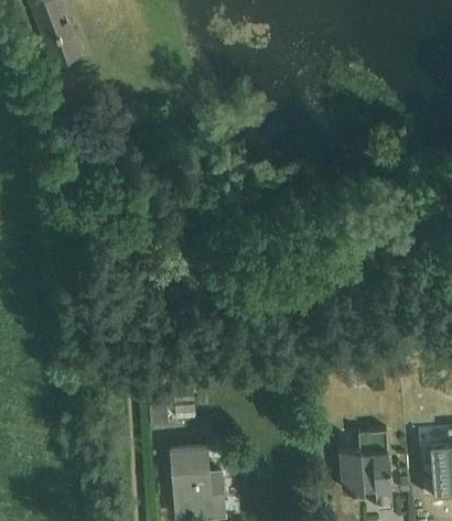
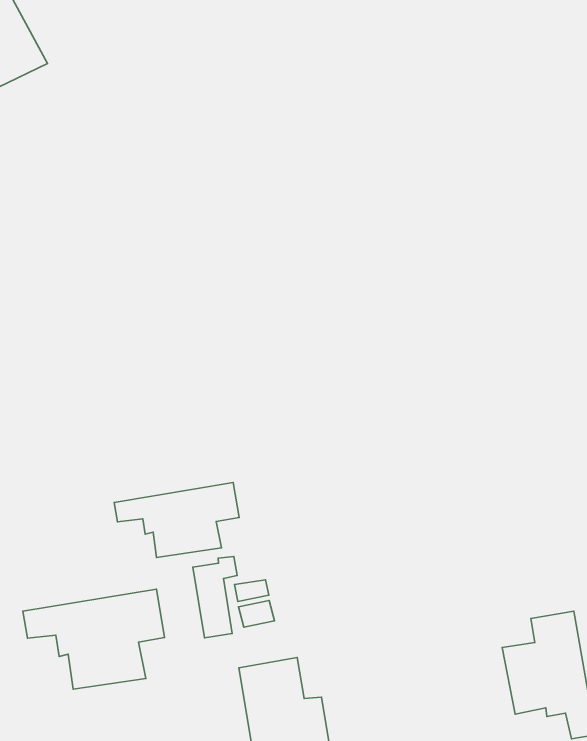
building: none -> [114,483,239,557]
building: none -> [23,589,165,689]

